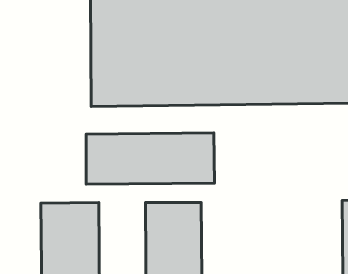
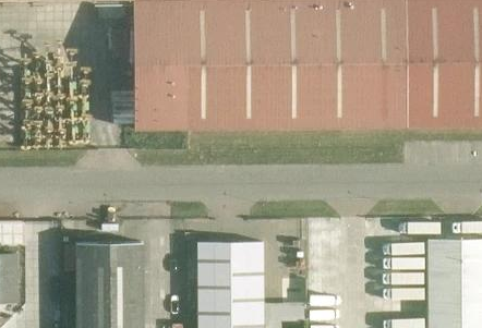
building: [86,133,215,184] -> none

